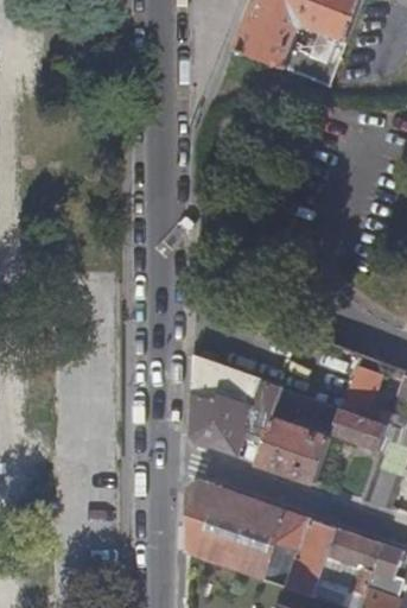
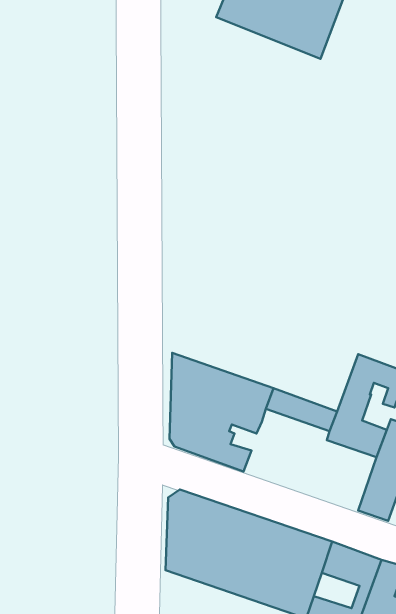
building: [256,418,331,482] -> none

